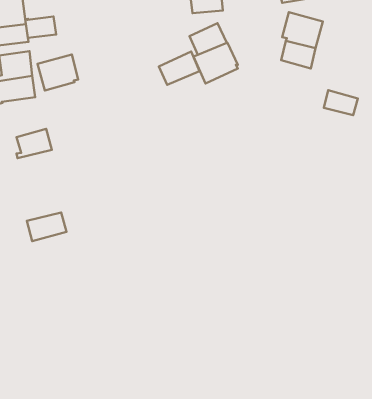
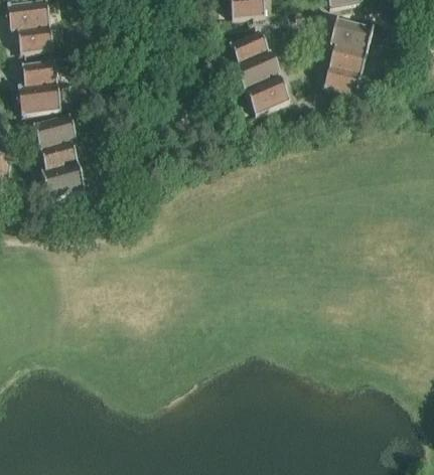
building: [25,16,56,38] -> none
building: [159,52,200,85] -> [246,76,290,113]
building: [38,55,78,91] -> [32,112,77,151]
building: [324,90,358,115] -> [323,67,360,95]
building: [27,213,67,241] -> [41,165,85,196]

